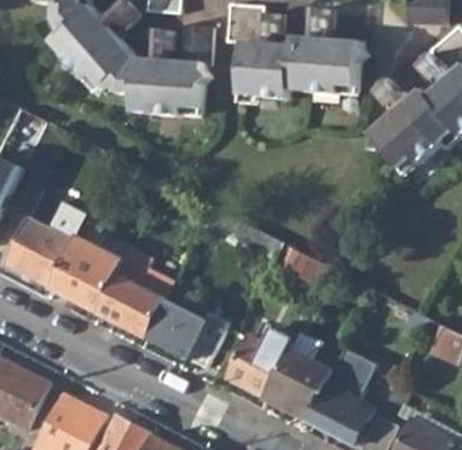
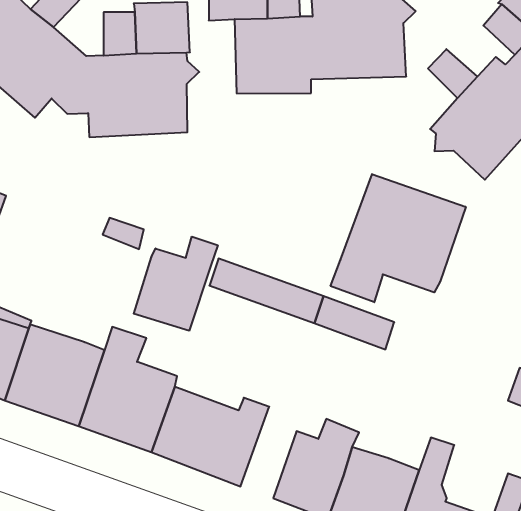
building: none -> [331,174,466,302]
building: none -> [134,237,218,331]

